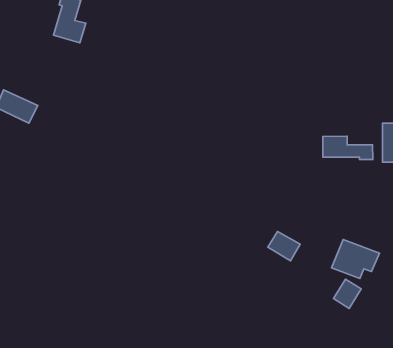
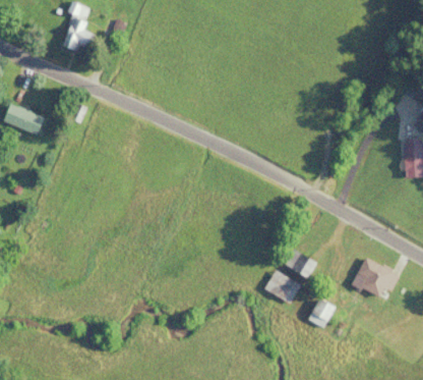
building: [323,136,373,160] -> none
building: none -> [263,269,302,304]
building: [334,279,361,308] -> [306,297,335,328]

